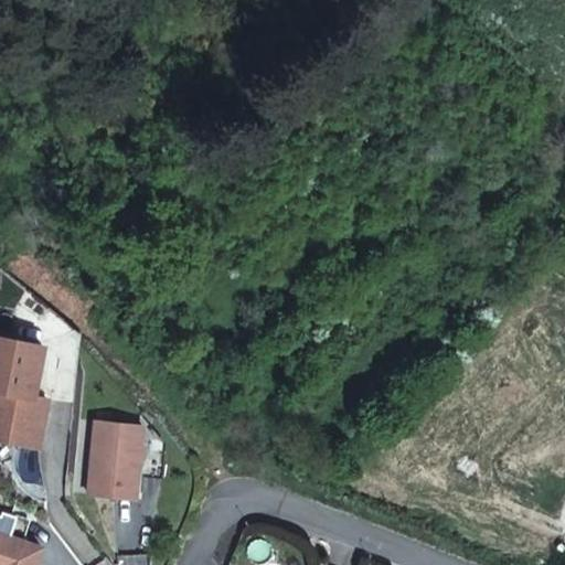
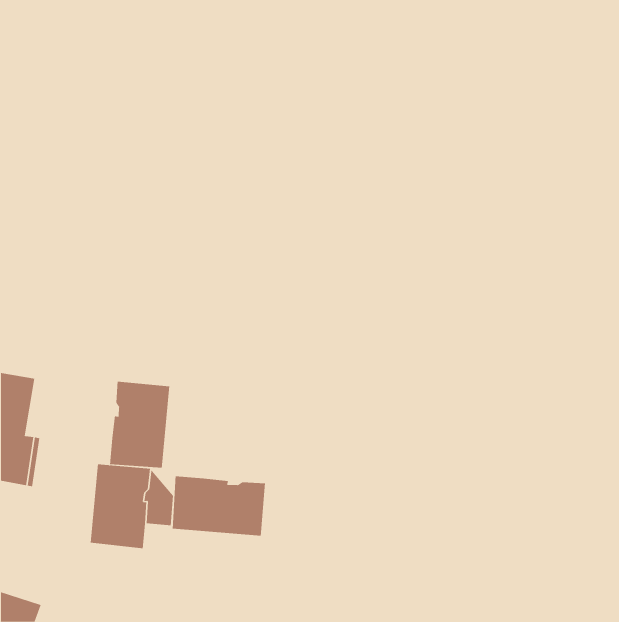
building: none -> [109,381,170,469]
building: none -> [172,475,266,536]

